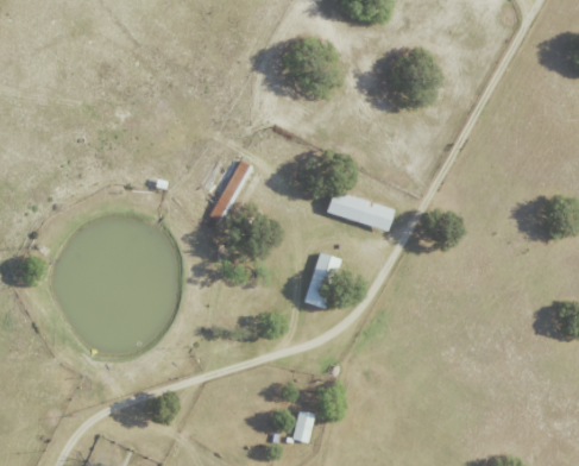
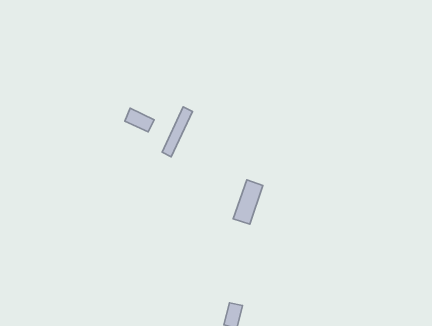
building: none -> [125,108,154,132]
building: [327,190,395,231] -> none

